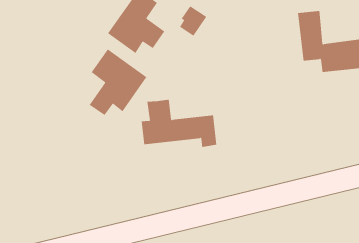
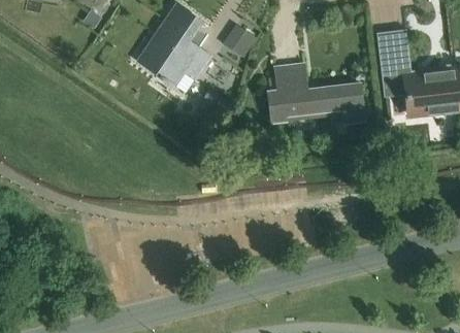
building: [89,49,147,116] -> none
building: [141,99,217,147] -> [267,64,363,125]

